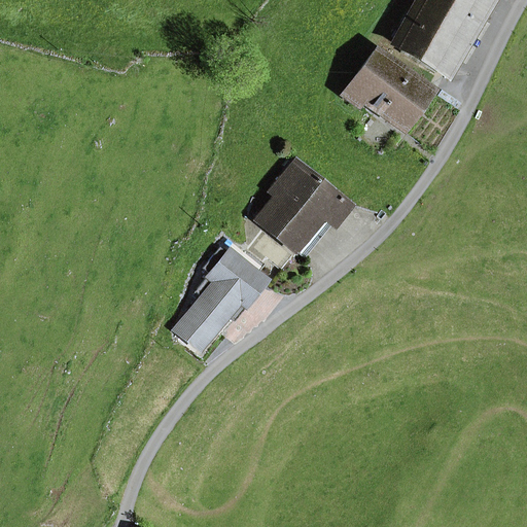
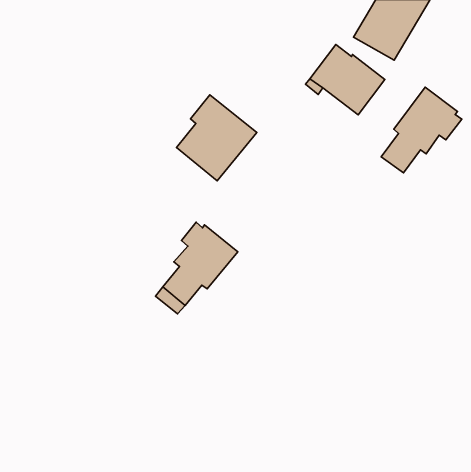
building: none -> [381,87,462,173]
building: [259,162,349,257] -> [176,95,257,181]

